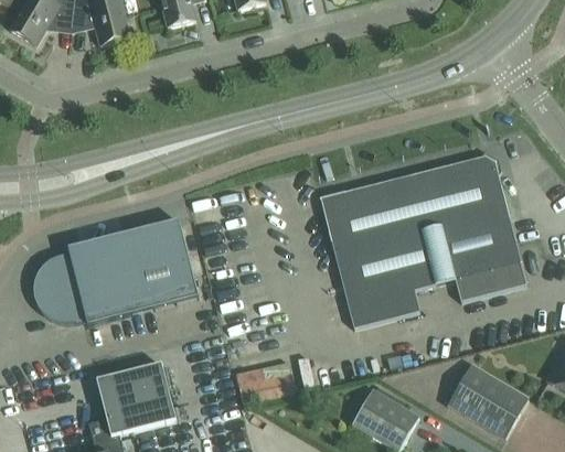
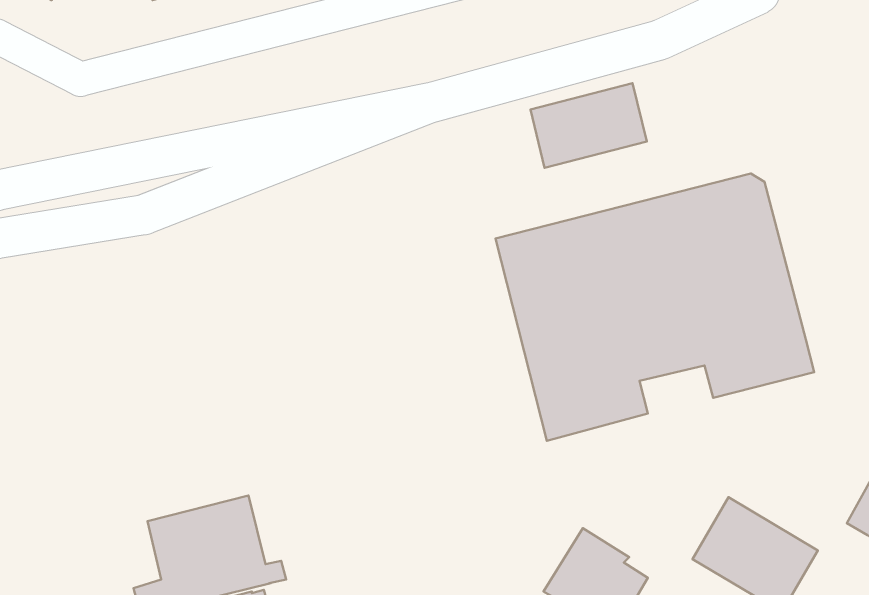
building: none -> [530,83,647,168]
building: [32,219,198,324] -> none

